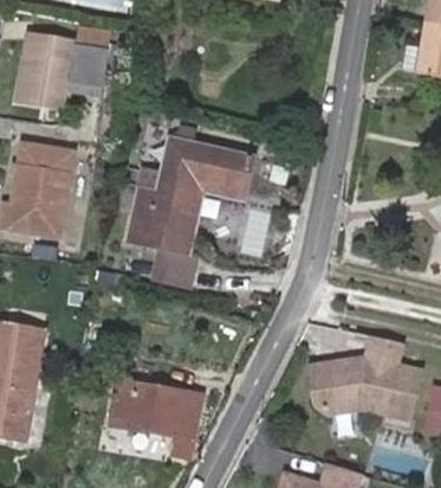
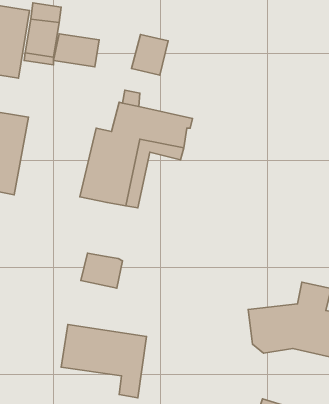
building: none -> [54,34,99,67]
building: none -> [131,35,168,75]
building: [153,246,197,284] -> [81,253,122,288]

